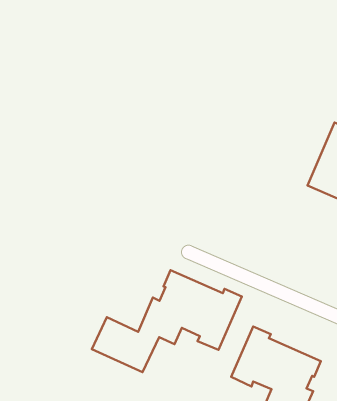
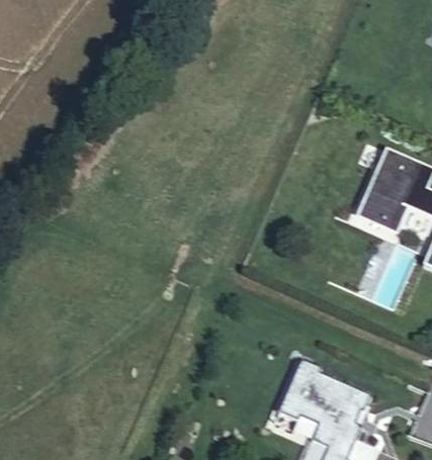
building: [92,270,242,372] -> none

